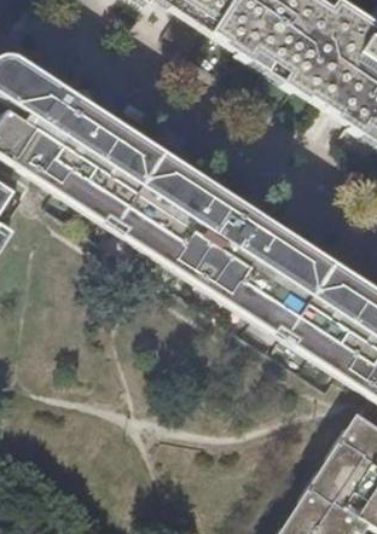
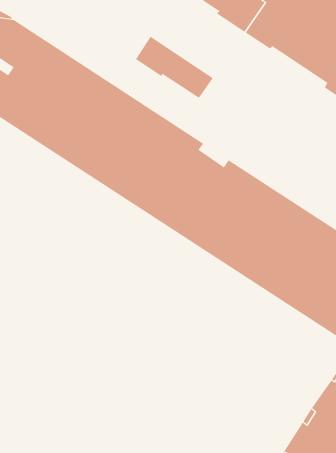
building: none -> [135,36,230,119]

